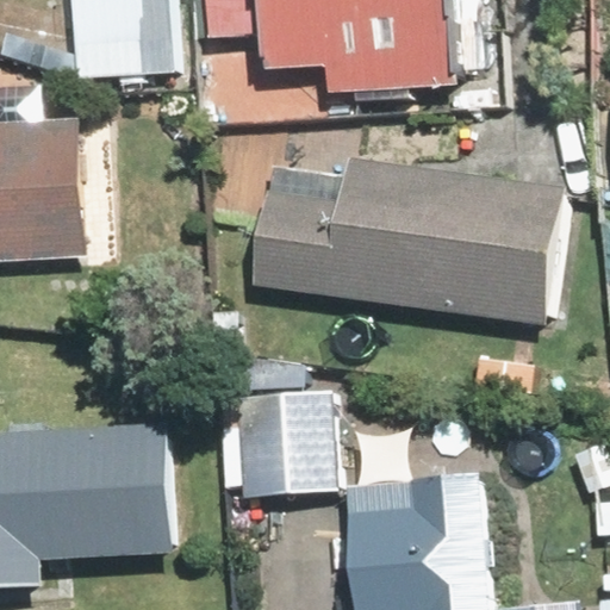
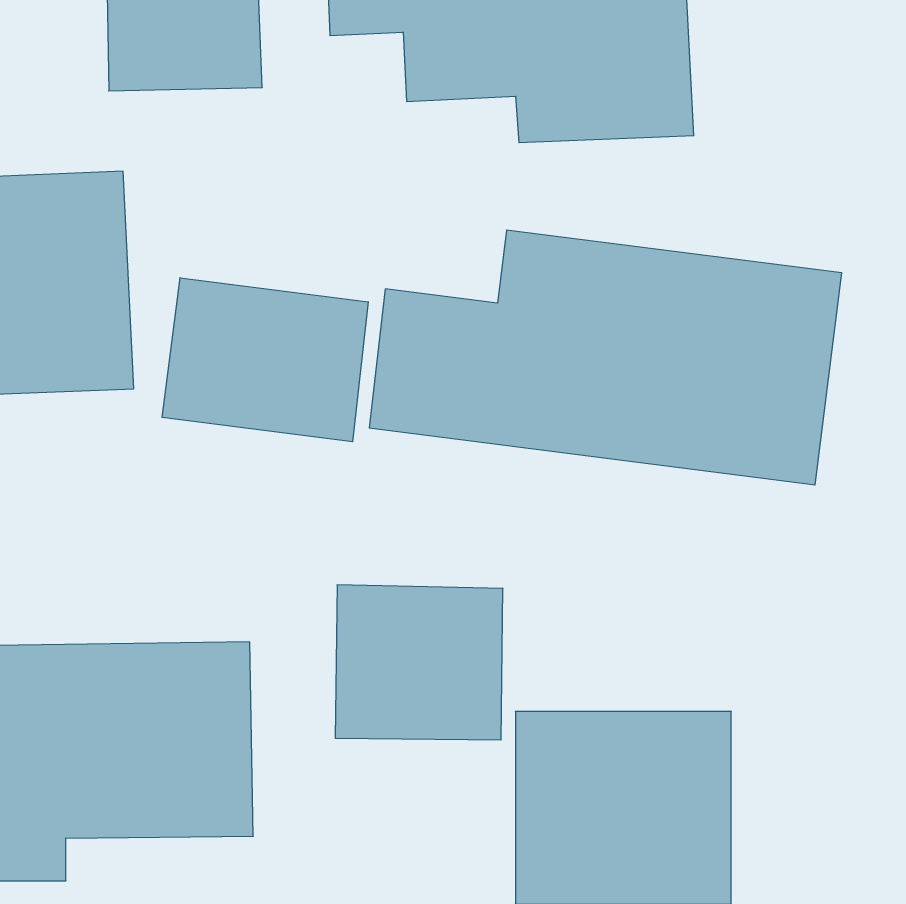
building: none -> [162,278,368,442]

